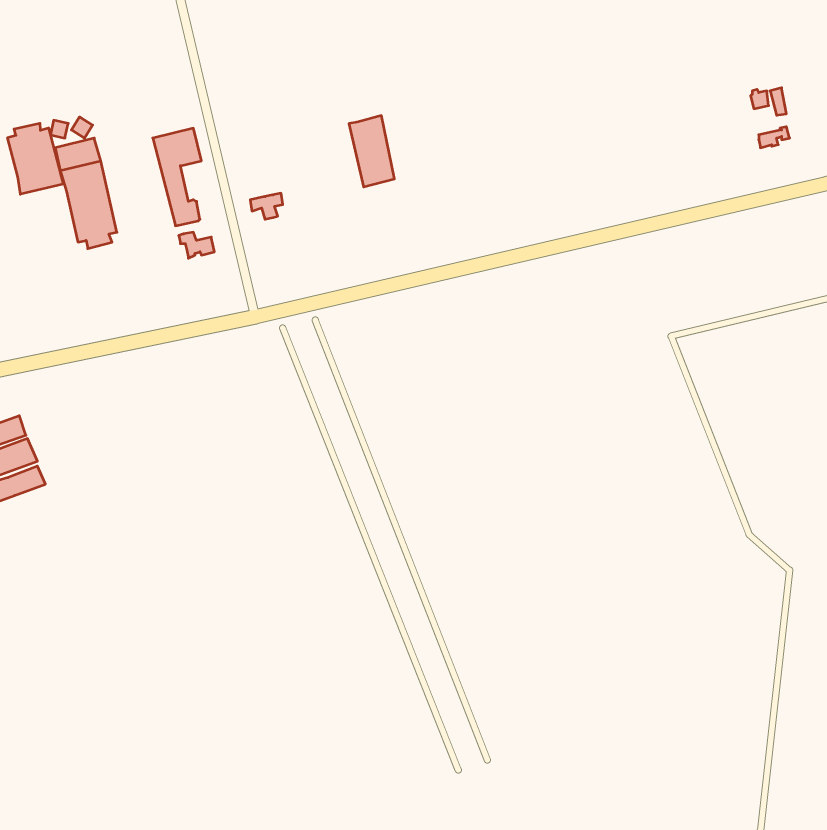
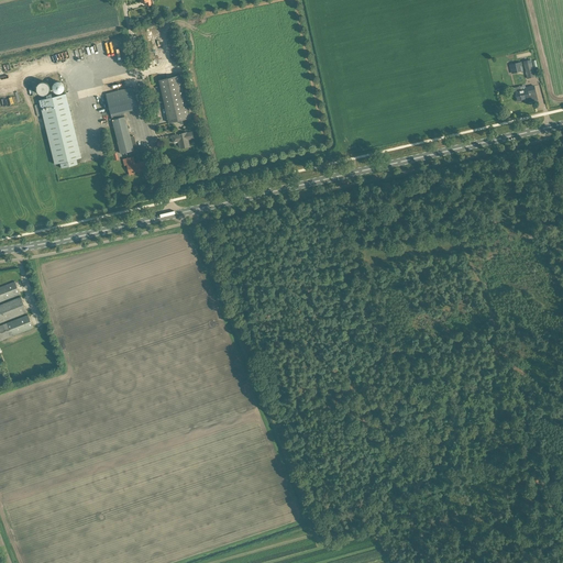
building: [349,116,394,187] -> [157,75,188,123]
building: [8,123,63,194] -> none

